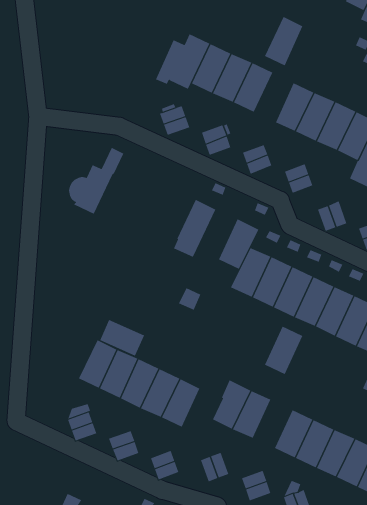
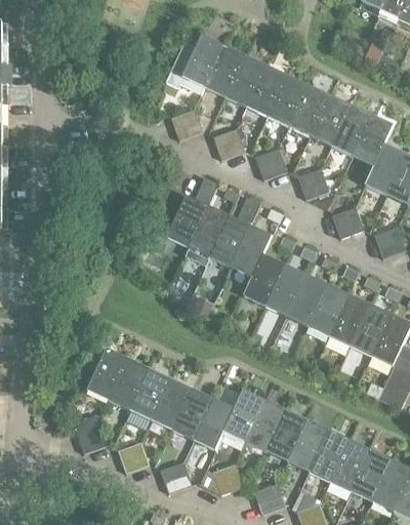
building: [264,16,303,66] -> [268,75,308,126]
building: [68,147,124,214] -> [161,177,218,246]
building: none -> [209,197,260,267]
building: [99,319,145,357] -> none
building: [264,326,303,375] -> [266,410,306,460]
building: none -> [194,399,235,449]

